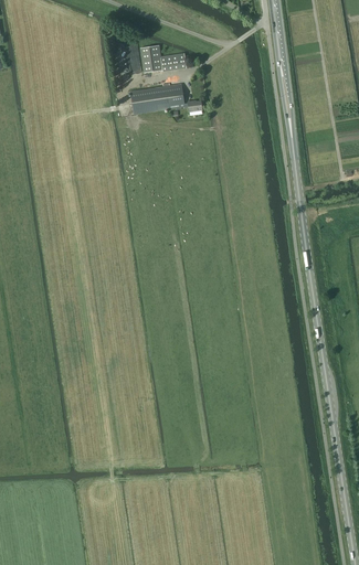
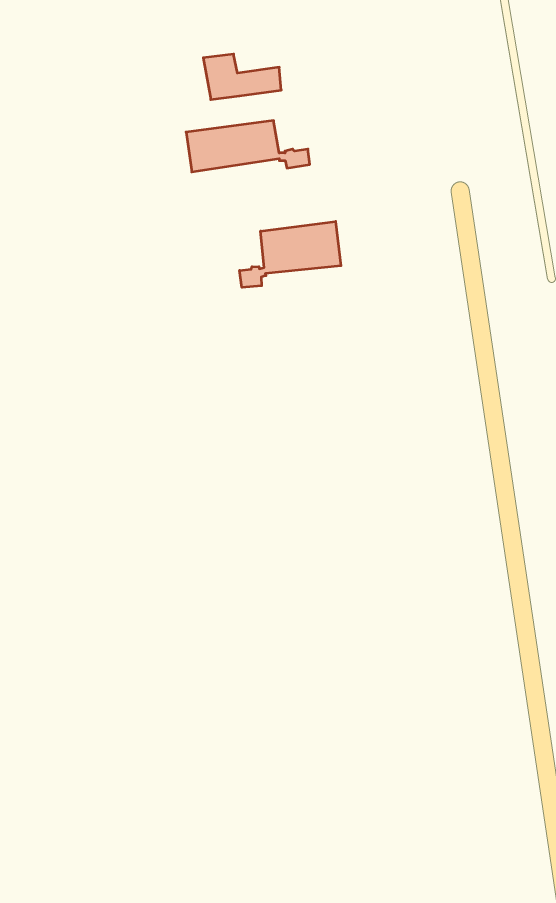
building: none -> [240,221,341,287]

